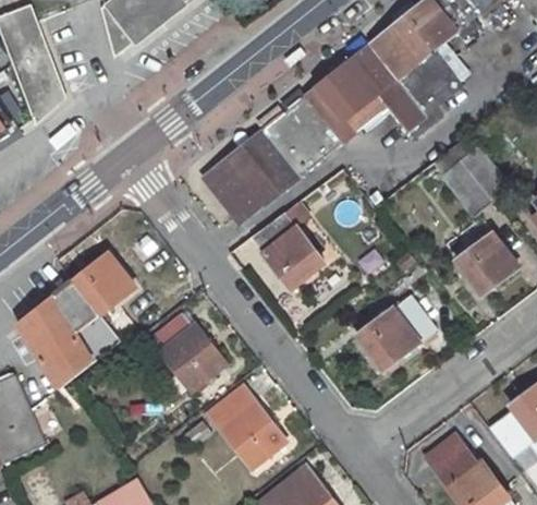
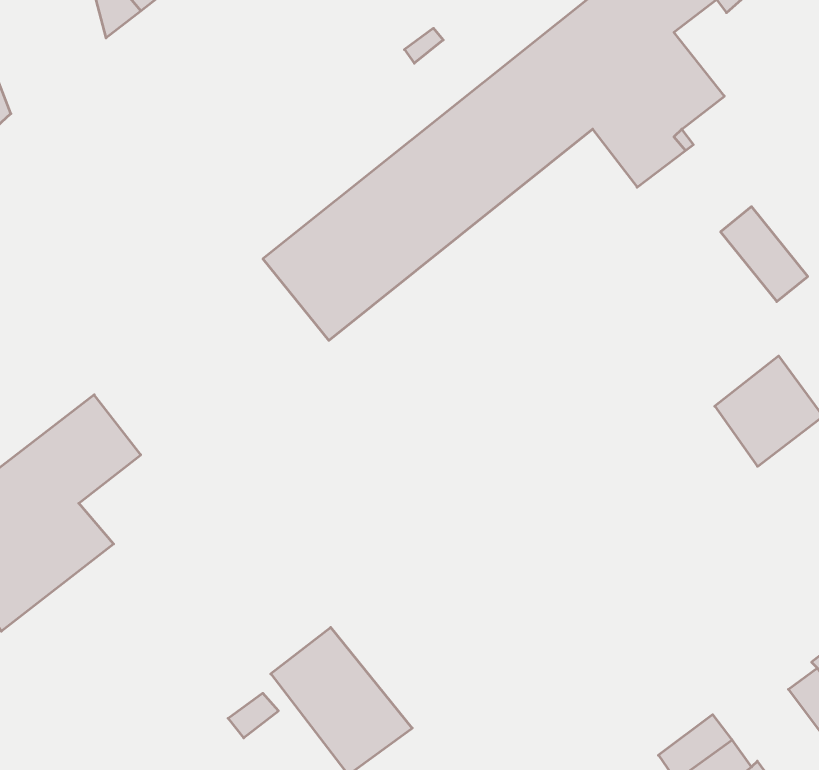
building: [441,163,491,217] -> none
building: [253,212,324,288] -> none
building: [356,296,434,370] -> none
building: [150,313,224,392] -> none

